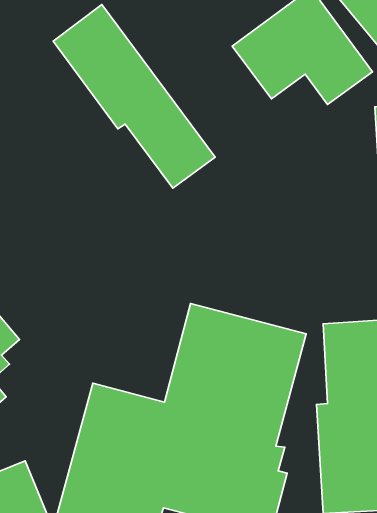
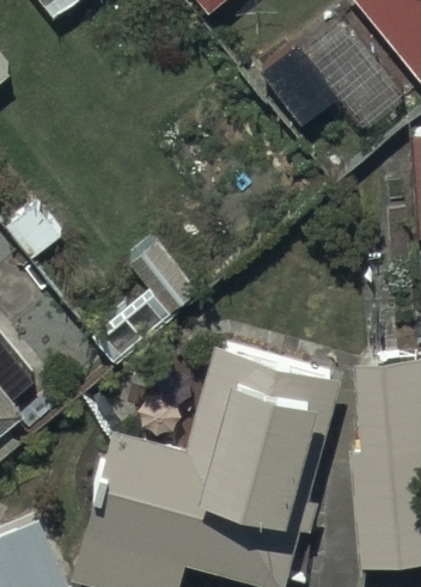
building: [53,5,215,188] -> none

